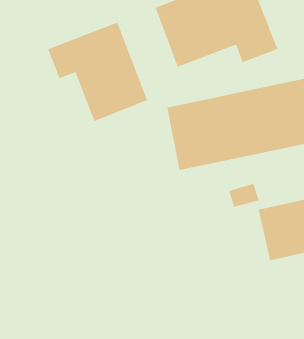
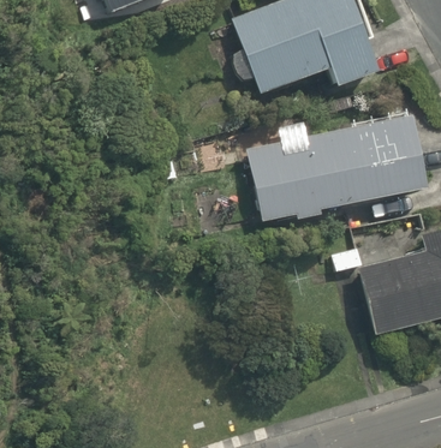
building: [47,22,148,122] -> none

